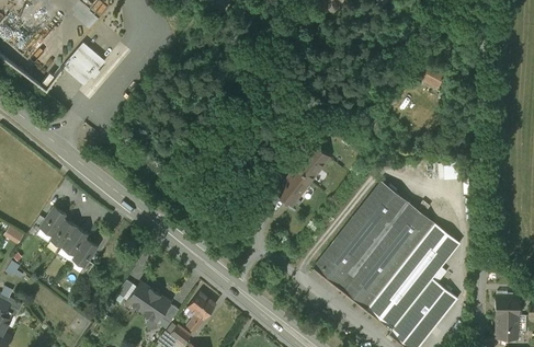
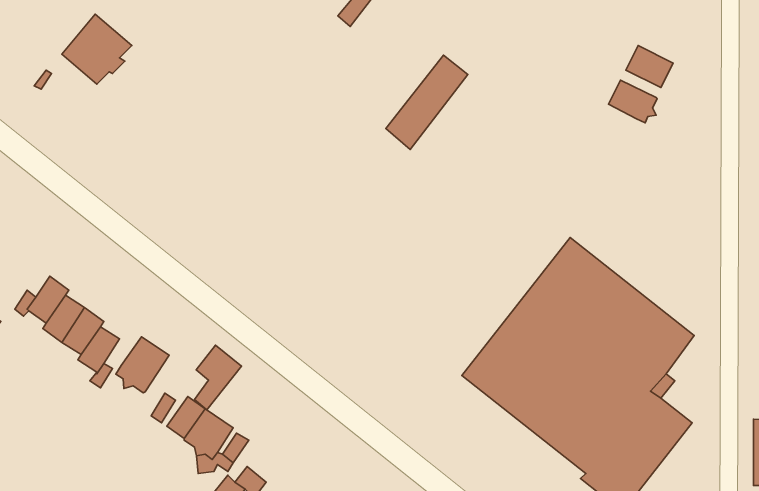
building: none -> [609,80,657,123]
building: [276,146,328,205] -> [386,55,468,150]
building: none -> [116,337,169,393]
building: [186,291,216,332] -> [195,345,242,410]

